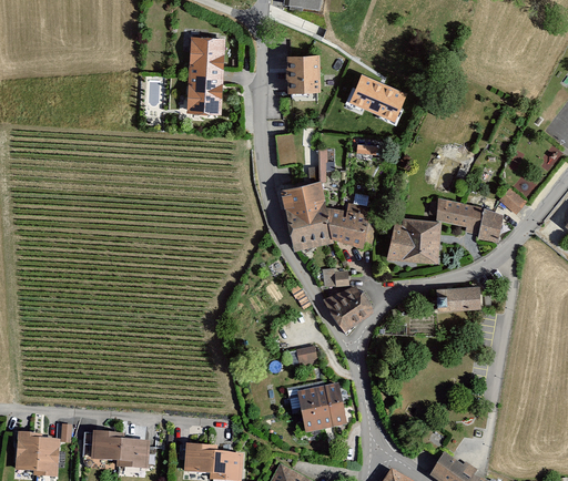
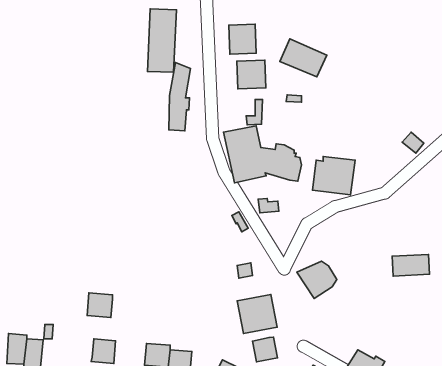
building: none -> [237,60,266,89]
building: none -> [169,63,190,131]
building: [435,198,503,244] -> none
building: [435,285,480,311] -> [392,254,429,276]
building: [323,286,372,331] -> [297,261,337,298]
building: [90,432,121,462] -> [87,293,113,317]
building: none -> [252,337,277,362]

